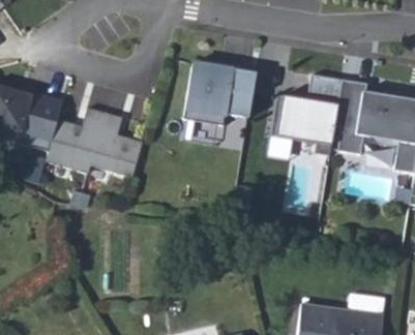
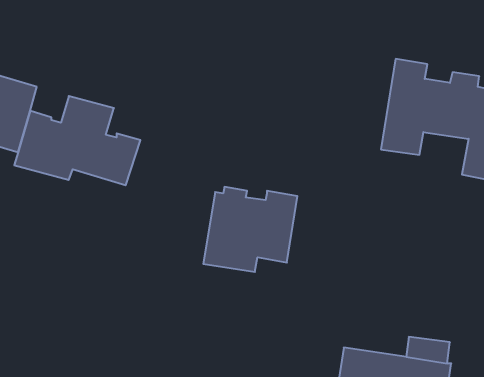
building: [183,58,257,124] -> [203,187,297,272]
building: [269,73,342,155] -> none

